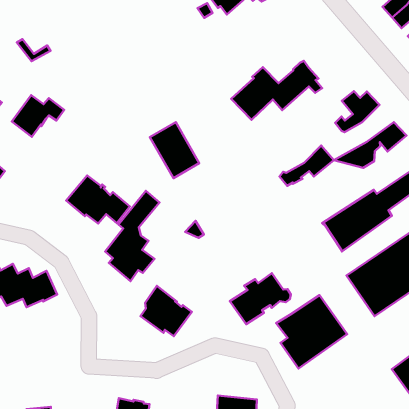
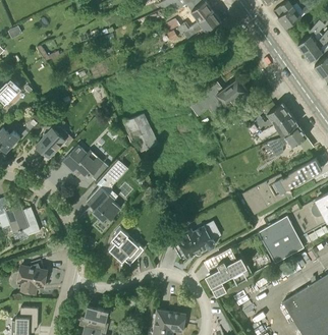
building: [12,95,64,137] -> [36,127,73,157]
building: [279,146,334,186] -> [258,113,297,139]
building: none -> [17,260,47,293]

